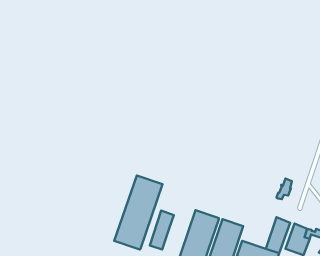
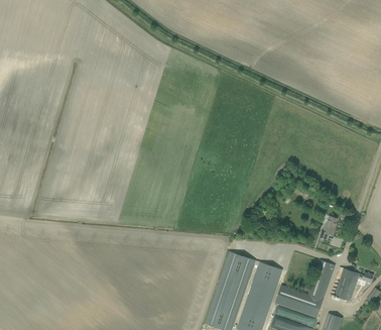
building: [114,175,163,249] -> none
building: [150,211,174,250] -> none

